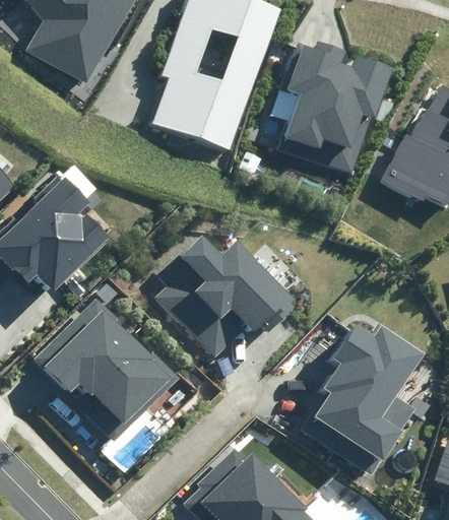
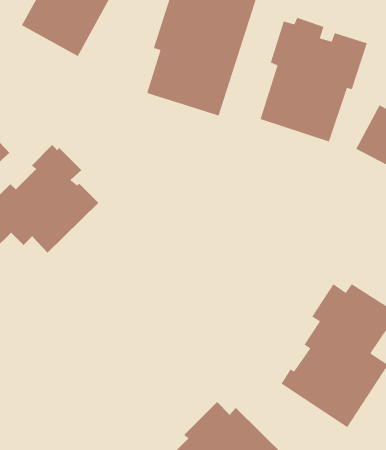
building: [153,236,297,358] -> none
building: [34,297,179,442] -> none

